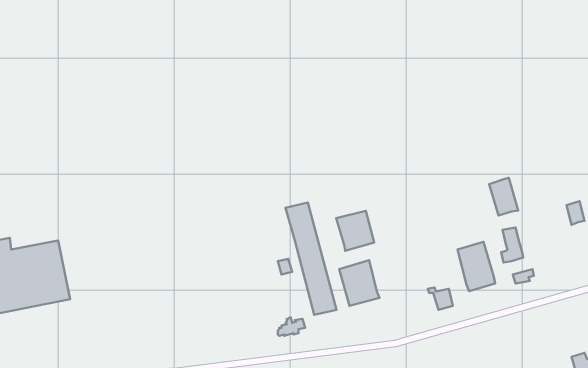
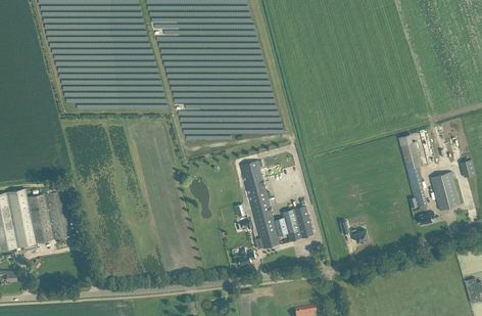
building: [336,211,374,251] -> none
building: [457,242,495,291] -> [430,171,460,210]

